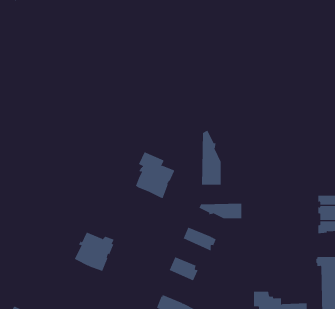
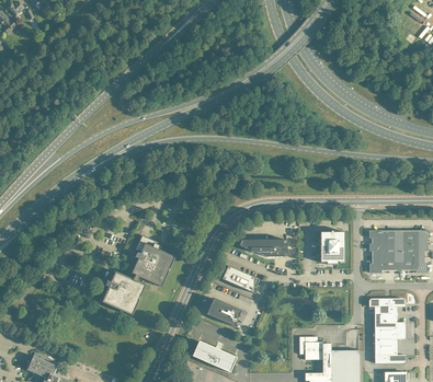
building: [201,130,221,185] -> none
building: [135,151,175,199] -> [132,234,175,287]
building: none -> [320,230,345,264]

